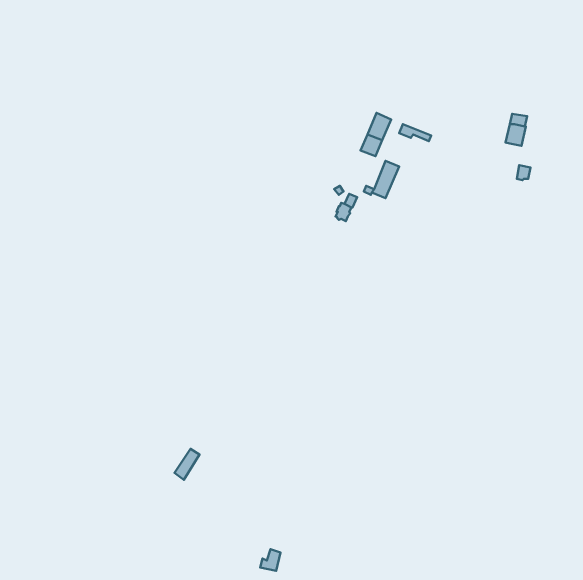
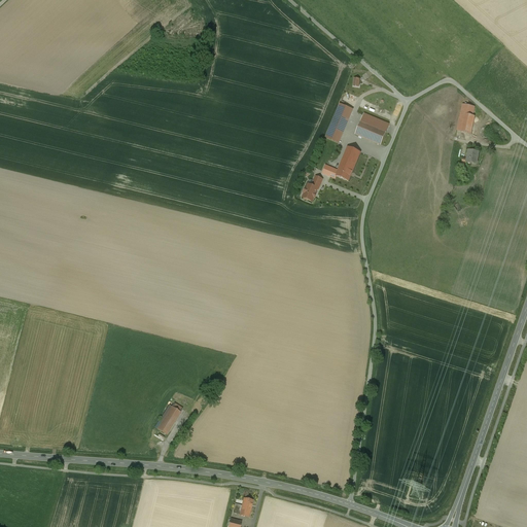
building: none -> [355,120,387,143]

